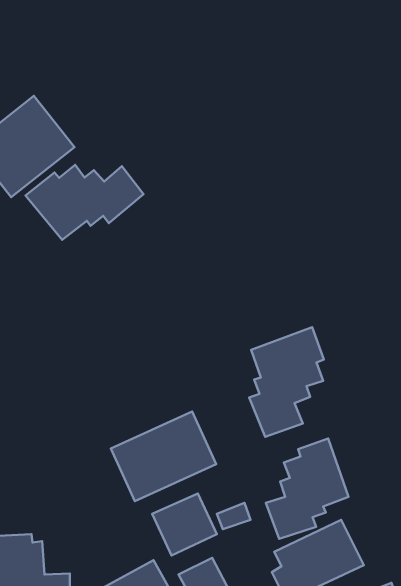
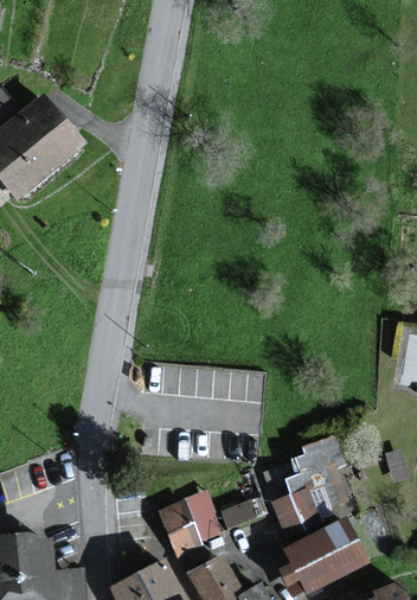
building: [26,165,144,240] -> none
building: [249,327,324,437] -> none
building: [111,412,216,501] -> none

